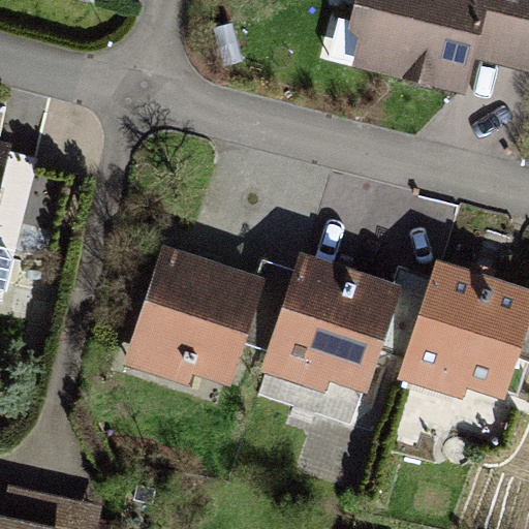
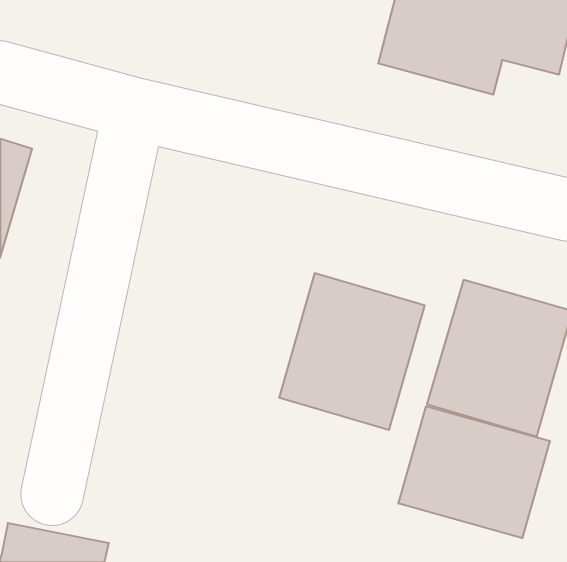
building: [127,249,263,395] -> none
building: none -> [398,406,550,538]

